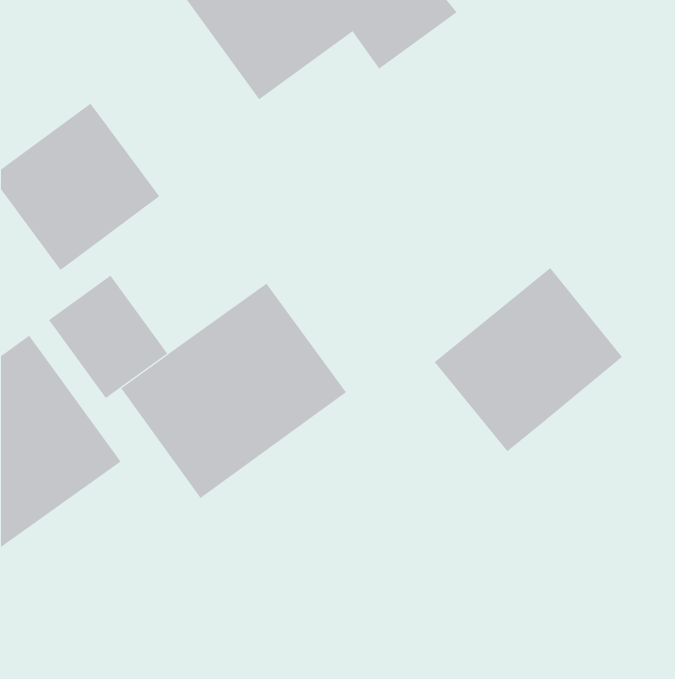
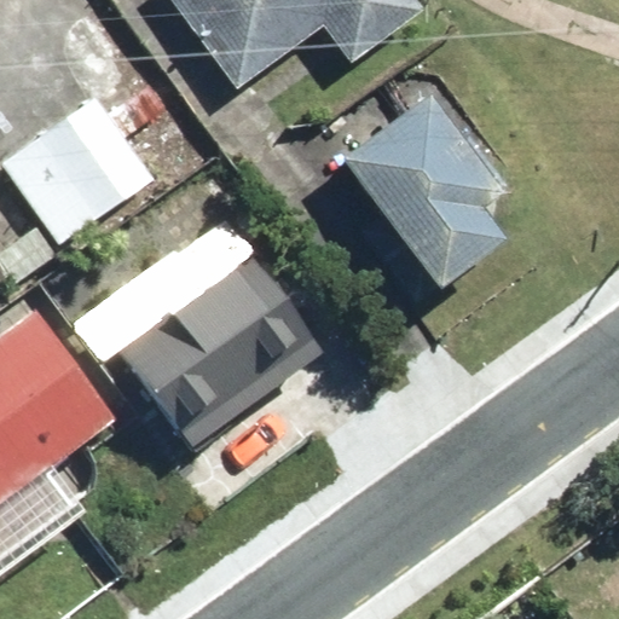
building: none -> [331,74,532,284]
building: [434,267,623,452] -> none

